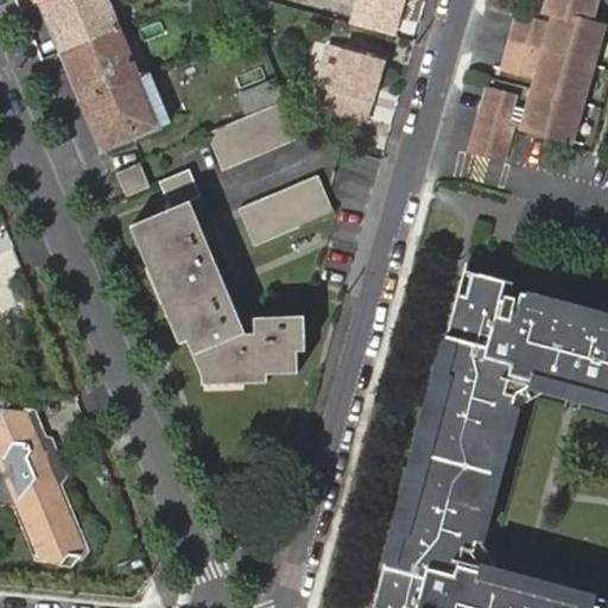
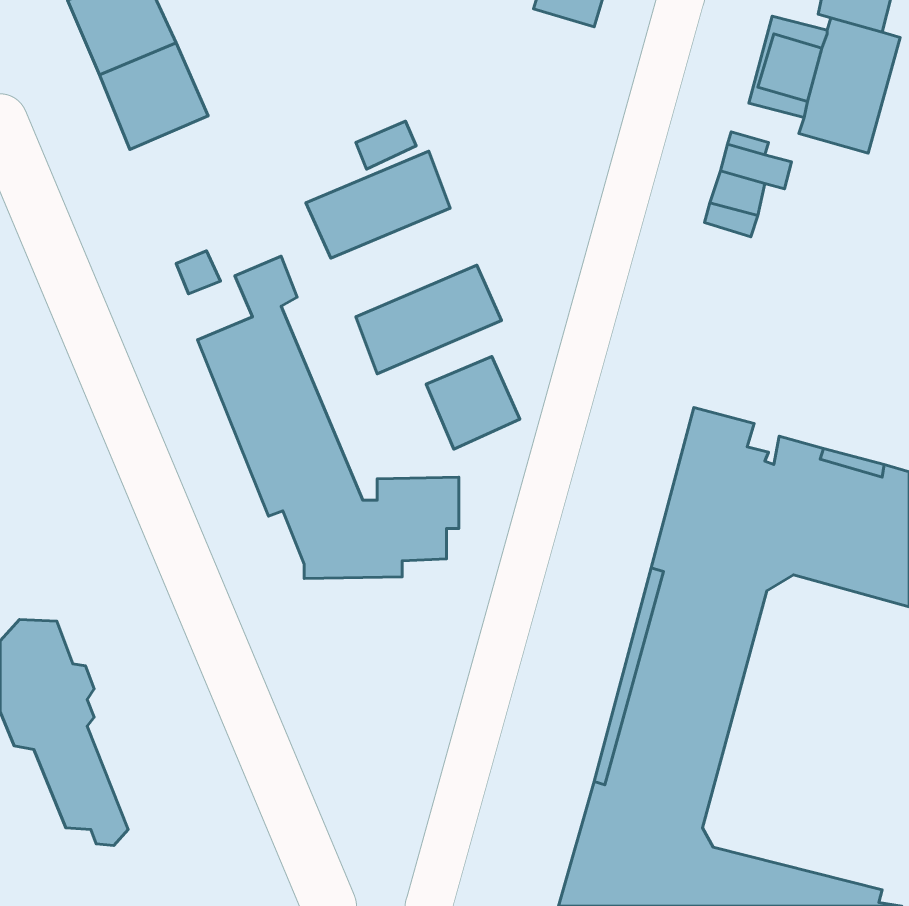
building: [331,50,385,124] -> none
building: [87,75,166,145] -> none
building: [524,89,580,138] -> none
building: none -> [426,356,520,449]

